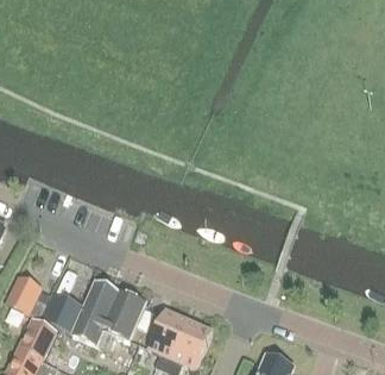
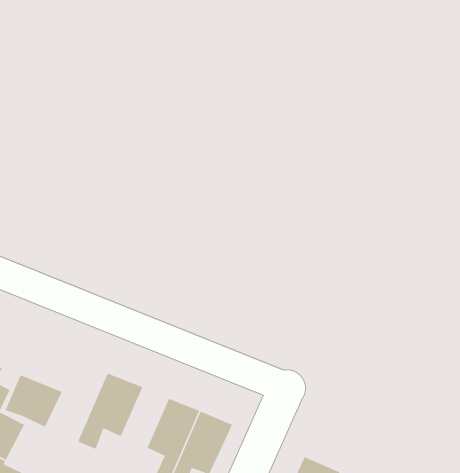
building: [71,280,119,343] -> none

